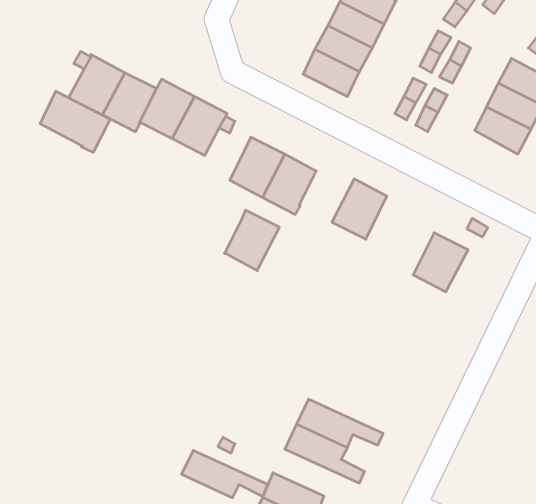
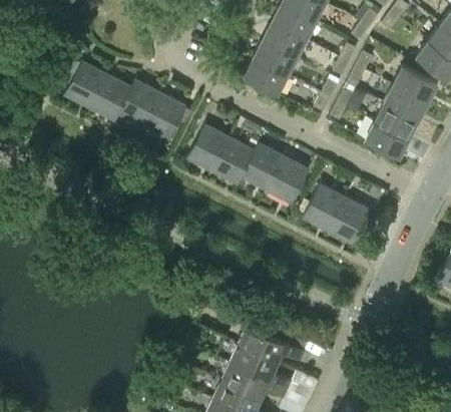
building: [40,91,110,152] -> none
building: none -> [366,119,409,155]
building: [224,210,279,271] -> [242,143,284,189]
building: none -> [303,184,345,230]
building: [181,450,268,498] -> [221,363,288,399]

